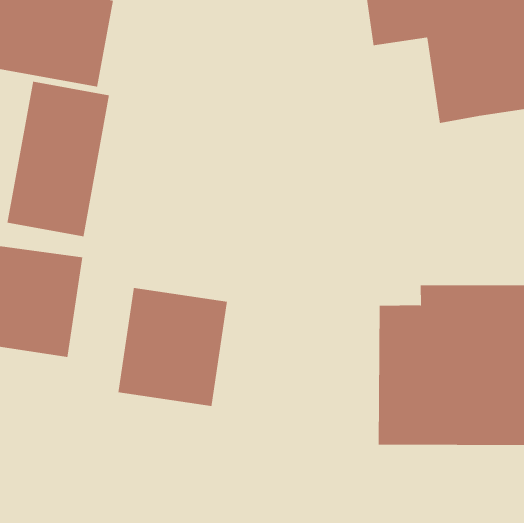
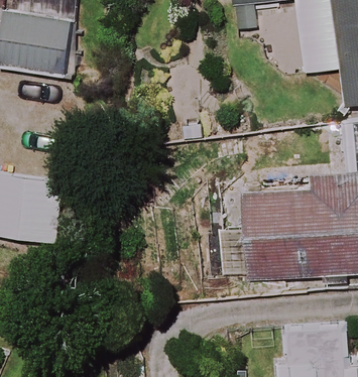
building: [7,81,110,237] -> none
building: [118,287,228,407] -> none

